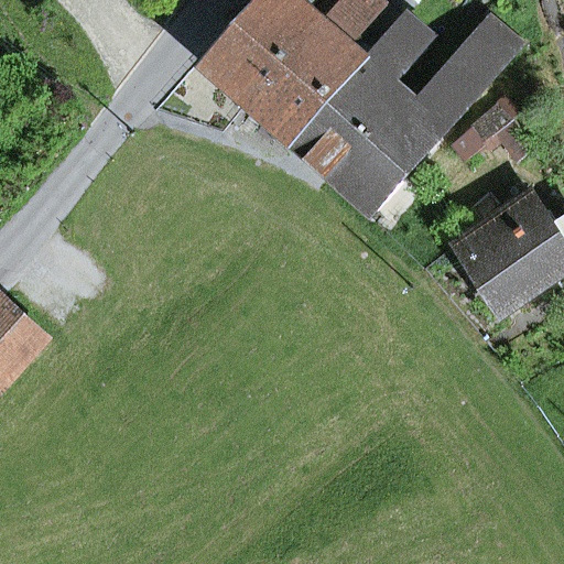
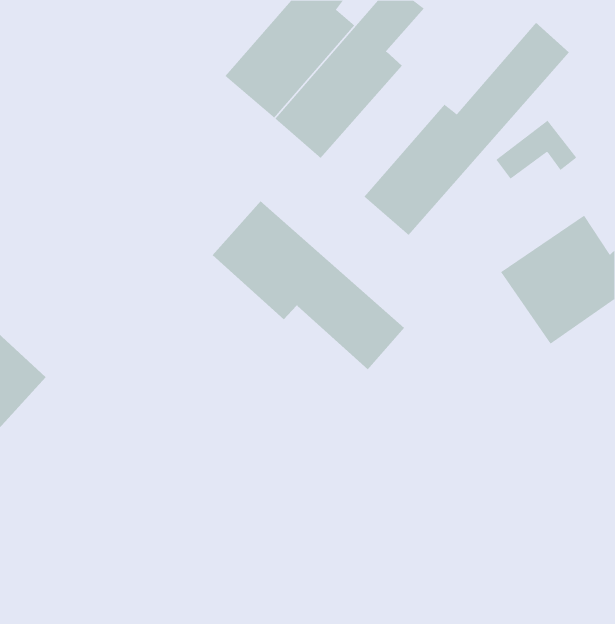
building: [290,17,430,177] -> none
building: none -> [212,200,405,370]

